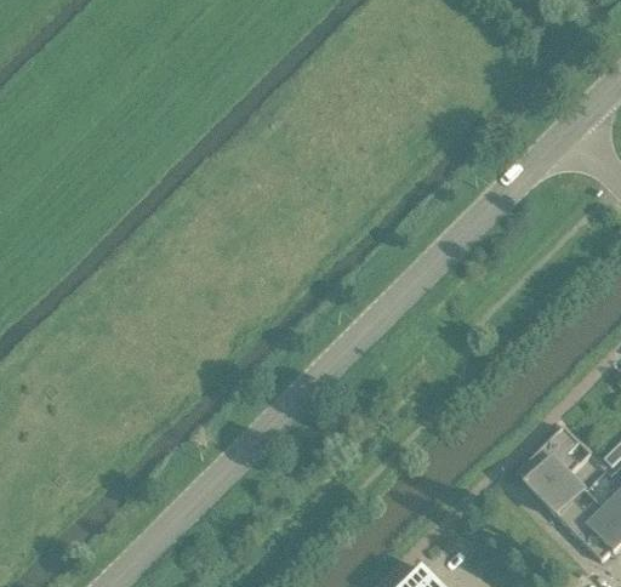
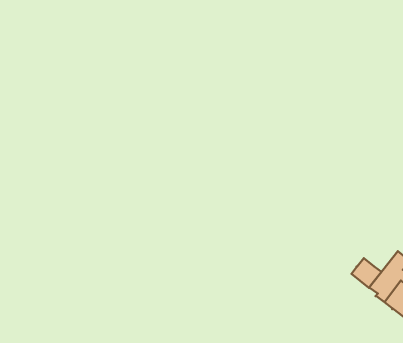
building: none -> [351,258,381,288]

